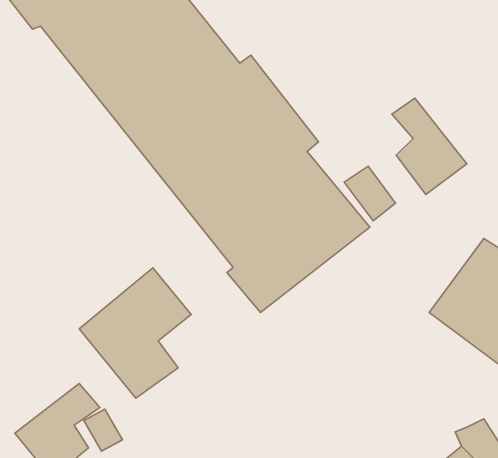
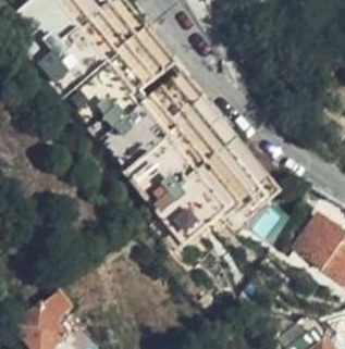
building: [392,98,467,195] -> none
building: [79,268,191,398] -> none

